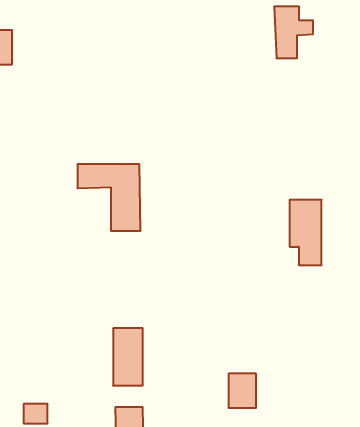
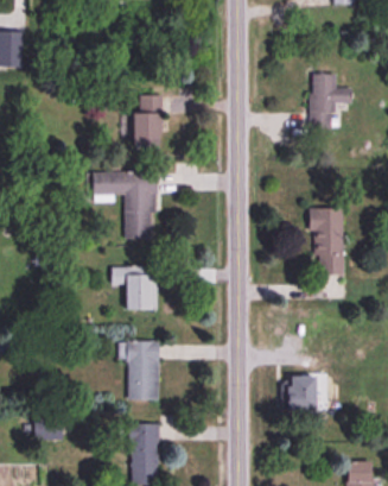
building: [274,7,313,58] -> [310,74,350,127]
building: none -> [132,96,161,146]
building: none -> [112,267,150,310]
building: [229,374,256,408] -> [287,377,316,412]

